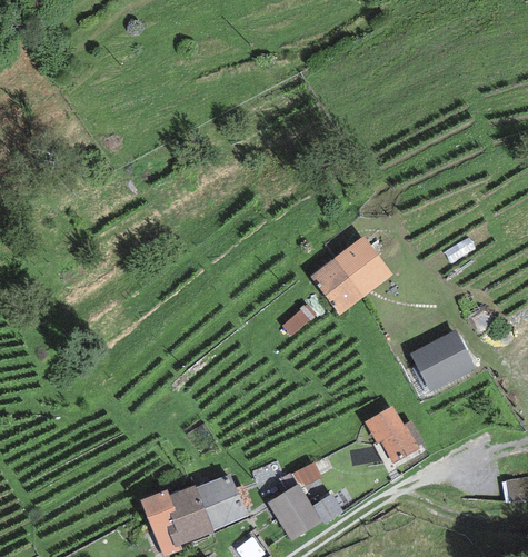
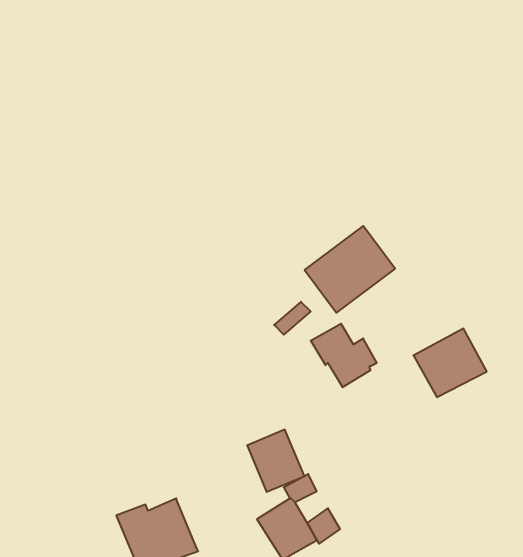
building: [363,406,424,464] -> [311,324,377,387]
building: [195,473,247,529] -> [247,430,305,492]

